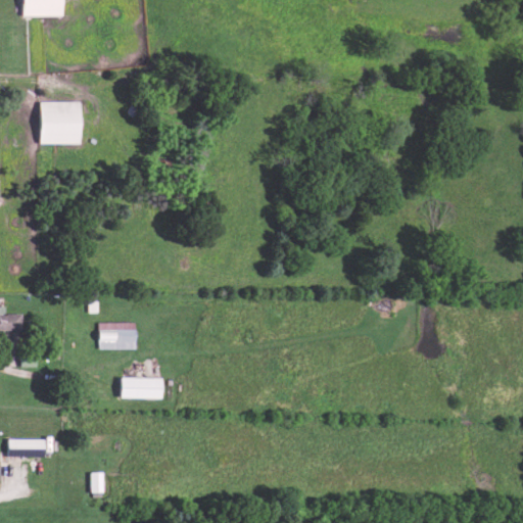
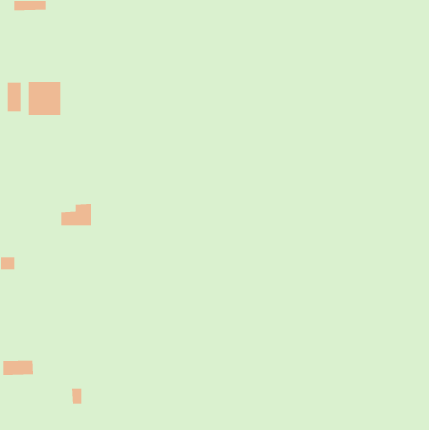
building: none -> [7,82,21,112]
building: [99,321,137,348] -> [60,203,92,226]
building: [120,376,161,397] -> none

